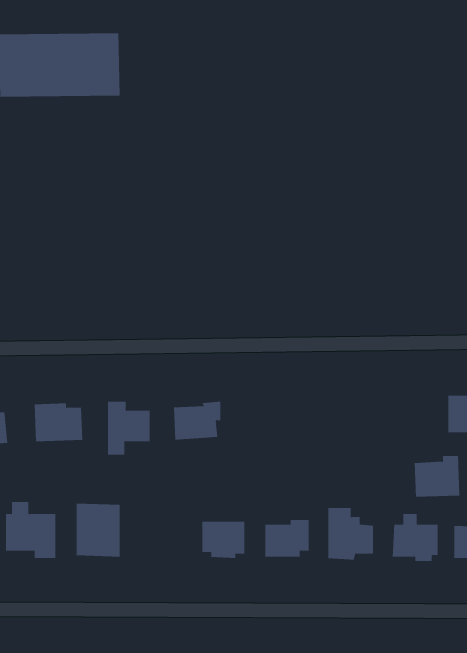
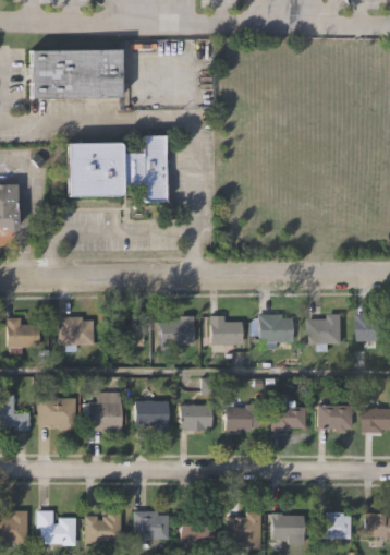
building: none -> [70,135,167,201]
building: none -> [260,314,293,350]
building: none -> [211,316,243,346]
building: [414,455,460,497] -> [309,314,343,345]
building: none -> [134,401,168,431]

